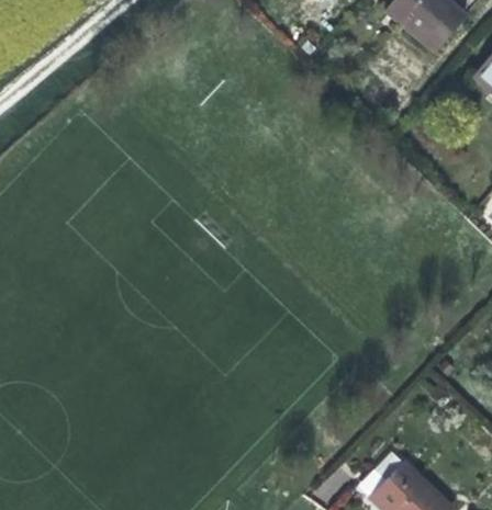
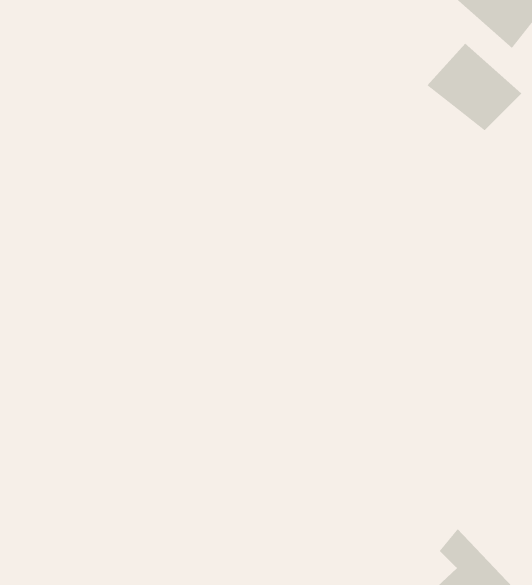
building: none -> [426,43,522,131]

